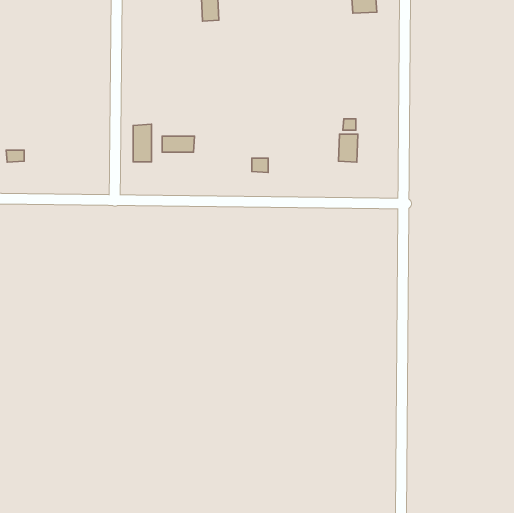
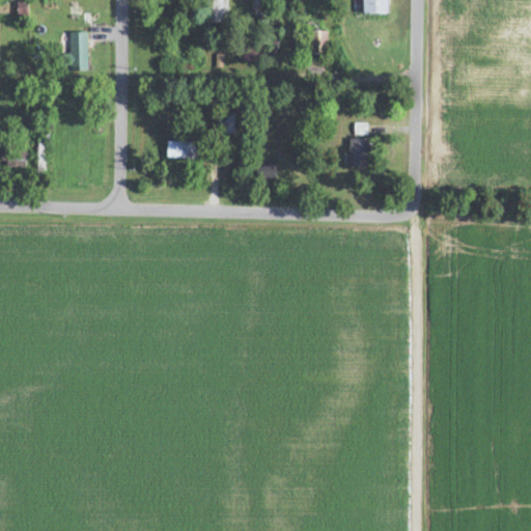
building: none -> [72,31,88,71]
building: [133,124,152,162] -> none

